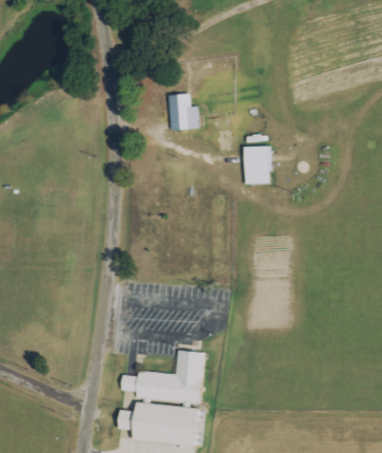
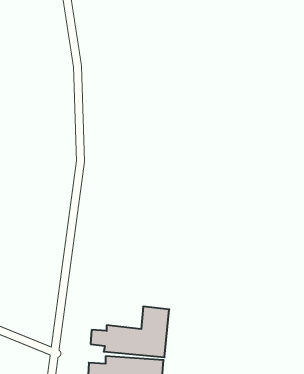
building: [168,93,199,130] -> none
building: [245,146,271,184] -> none

